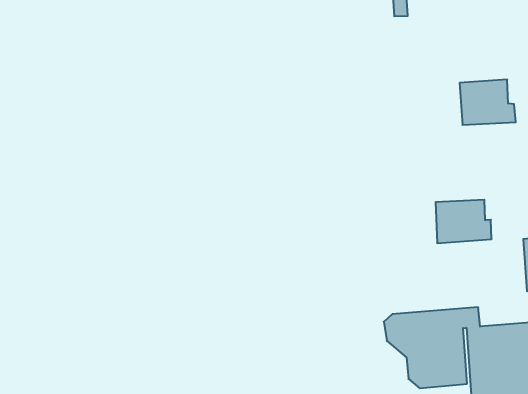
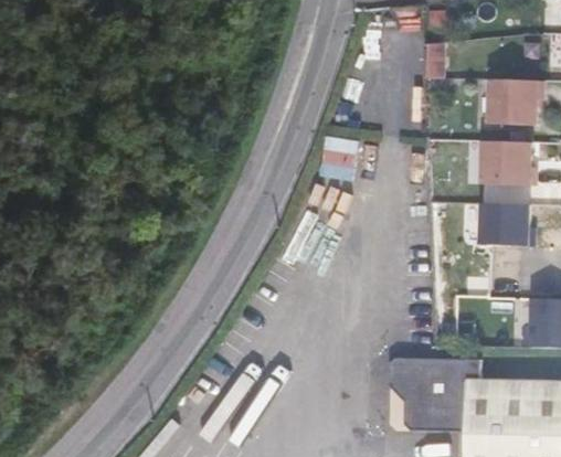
building: none -> [489,81,543,126]
building: [436,200,492,243] -> [480,203,534,244]

